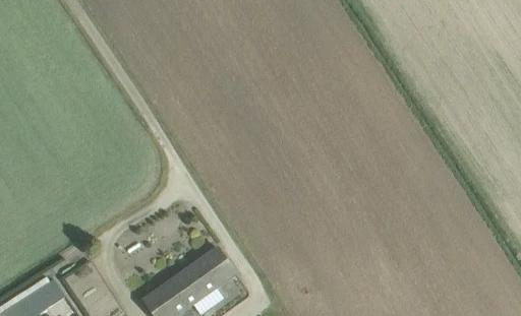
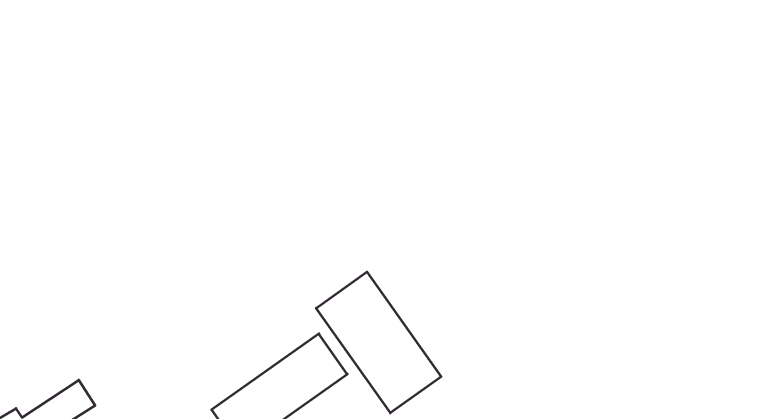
building: none -> [316,272,441,413]

